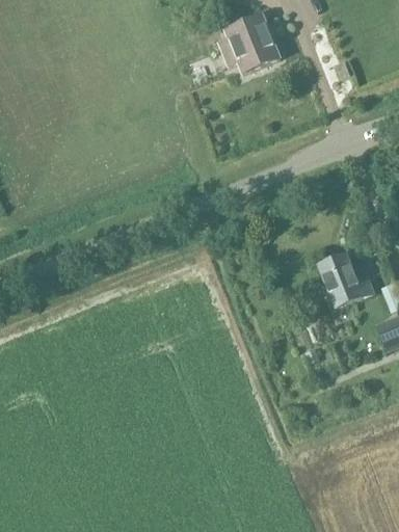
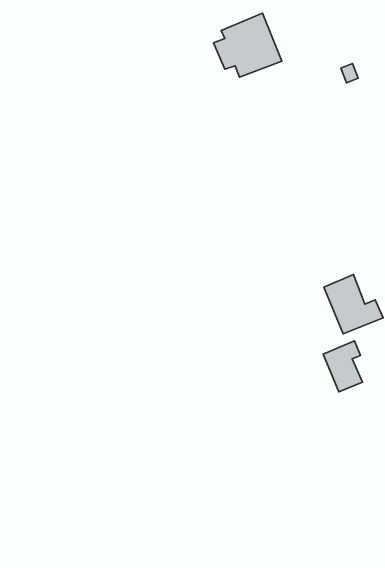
building: none -> [323,341,363,392]

